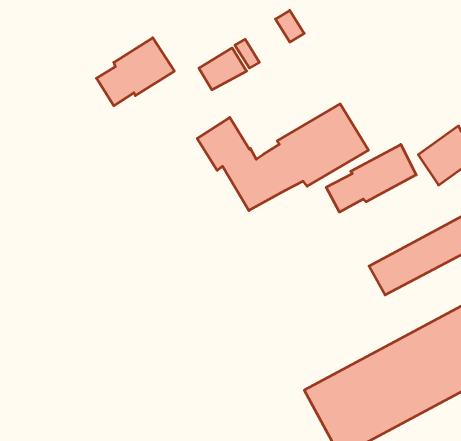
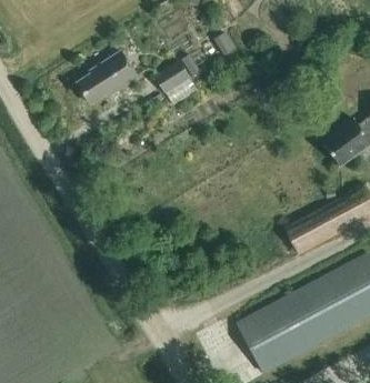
building: [197,104,368,211] -> none
building: [326,144,416,212] -> none

